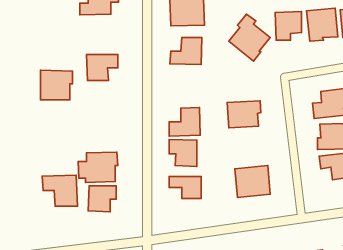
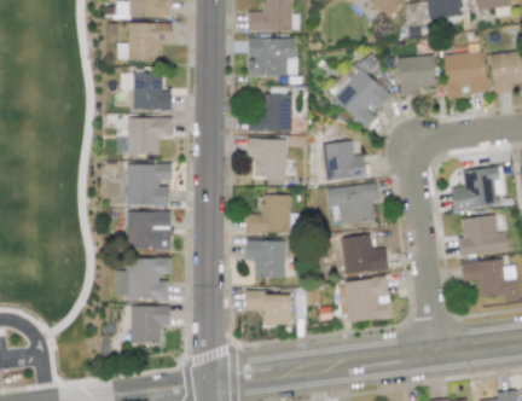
building: none -> [133,71,173,110]
building: none -> [248,138,288,179]
building: [40,70,72,100] -> [127,163,173,205]
building: none -> [323,140,366,181]
building: none -> [127,211,172,249]
building: none -> [332,234,389,274]
building: [42,175,77,206] -> none

